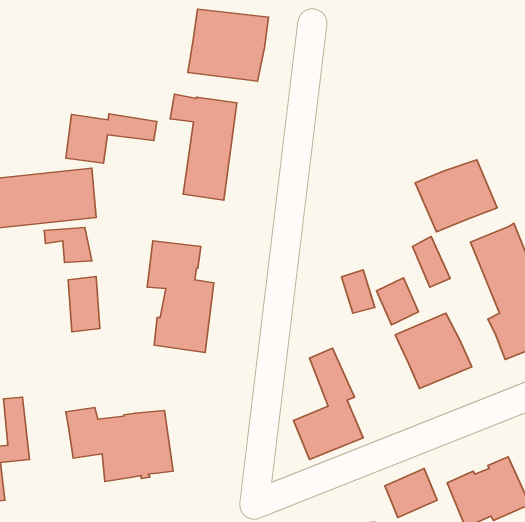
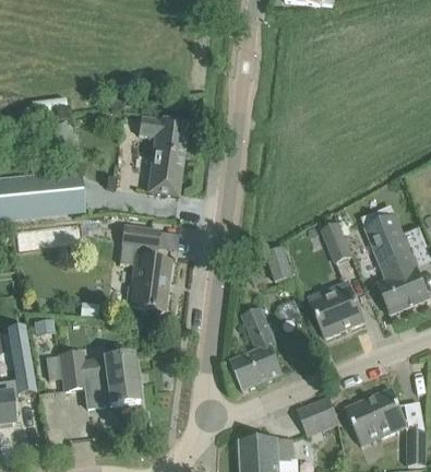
building: [188,9,269,81] -> none
building: [66,114,157,163] -> none
building: [415,160,497,232] -> none
building: [68,277,100,332] -> none
building: [377,278,418,325] -> none

